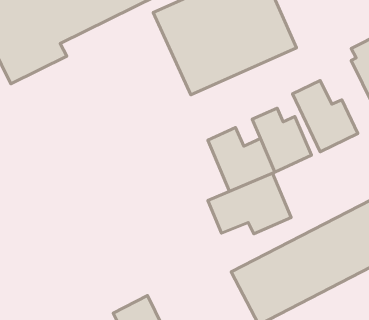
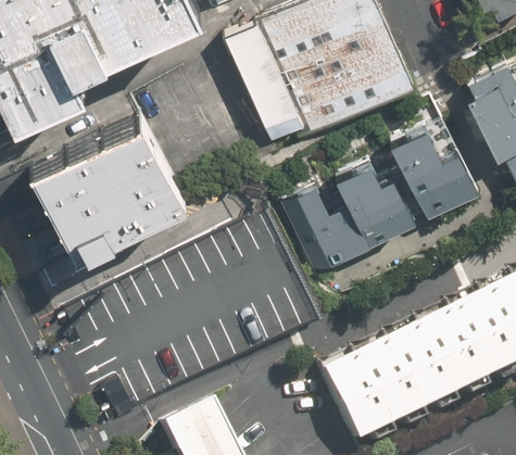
building: none -> [30,118,187,263]
building: [208,173,291,234] -> none

